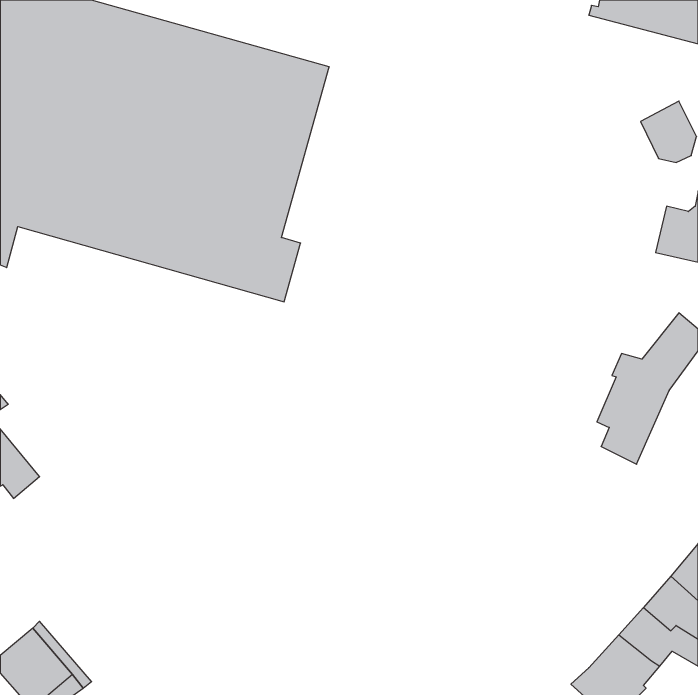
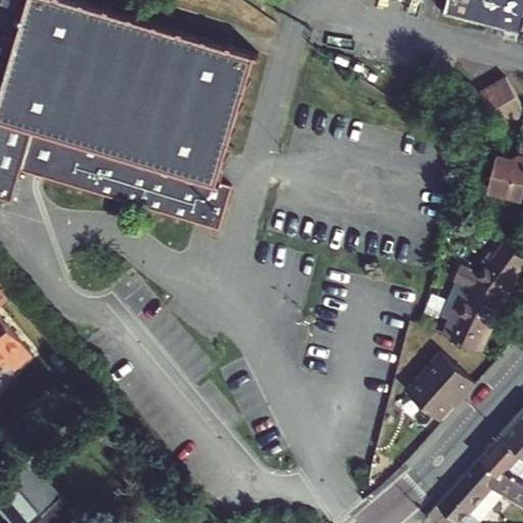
building: none -> [414,361,474,421]

